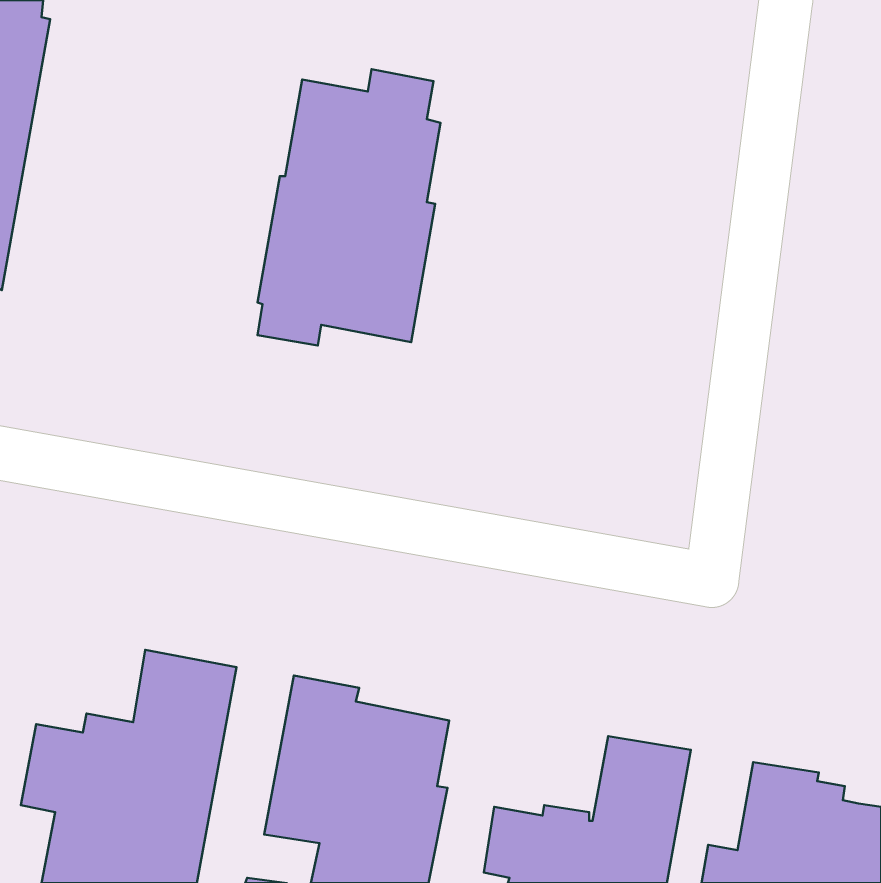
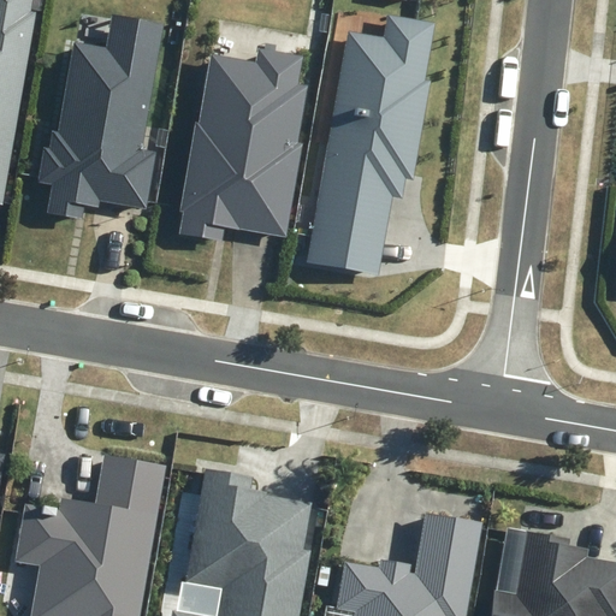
building: none -> [36,14,162,219]
building: none -> [307,14,433,274]

